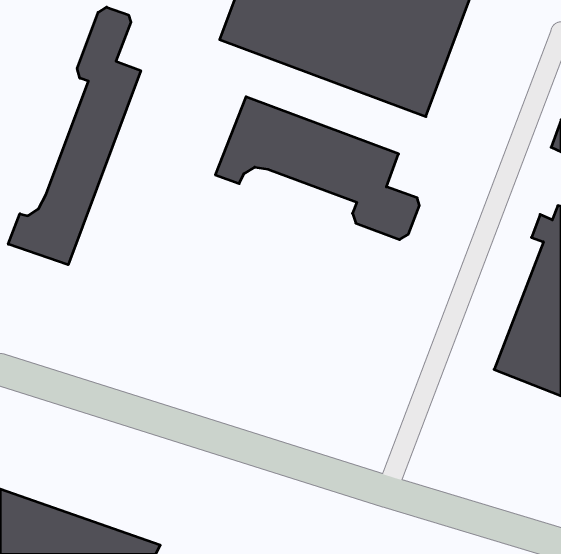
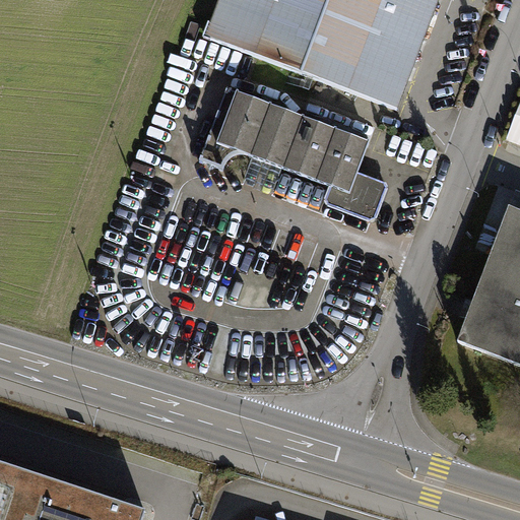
building: [8,7,141,265] -> none

